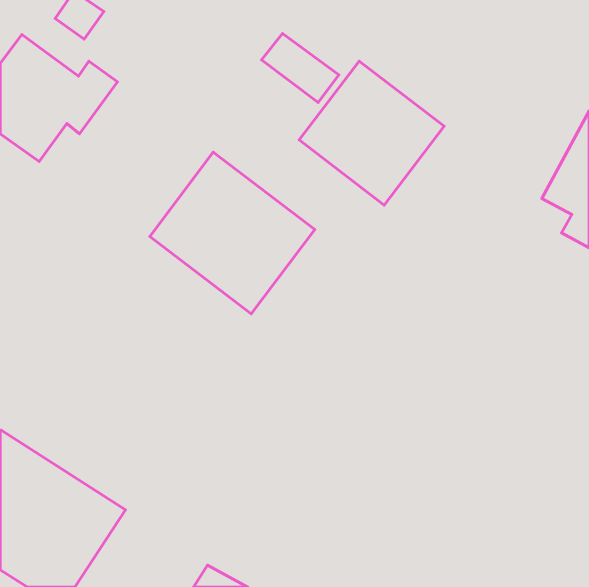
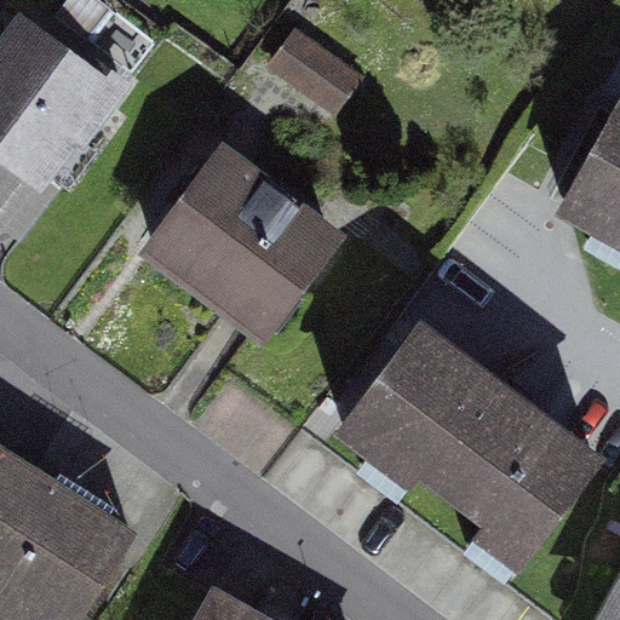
building: [299,61,444,205] -> none
building: none -> [348,333,595,547]

